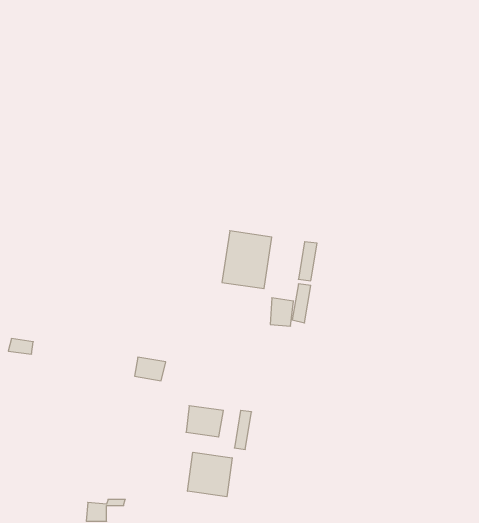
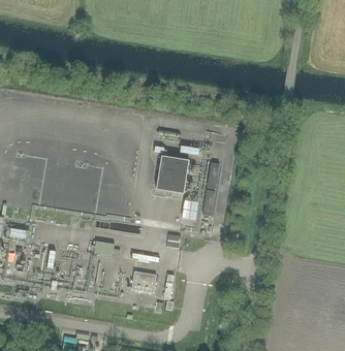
building: [188,452,232,497] -> none

